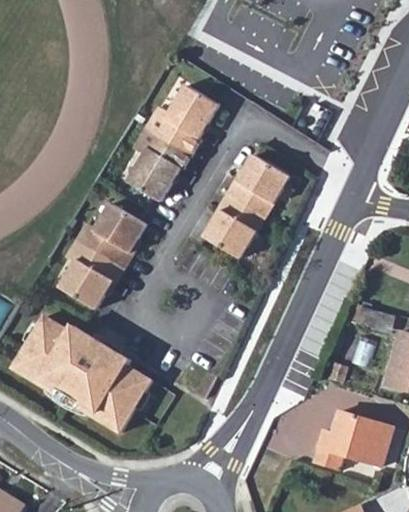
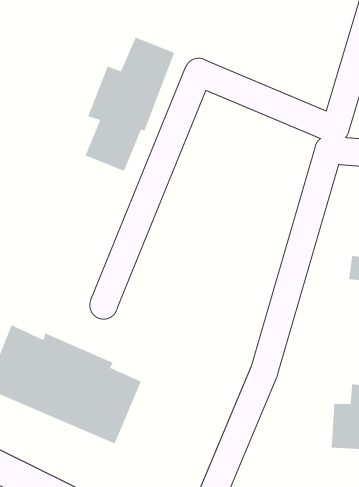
building: [206,151,293,256] -> none
building: [62,200,149,307] -> none

